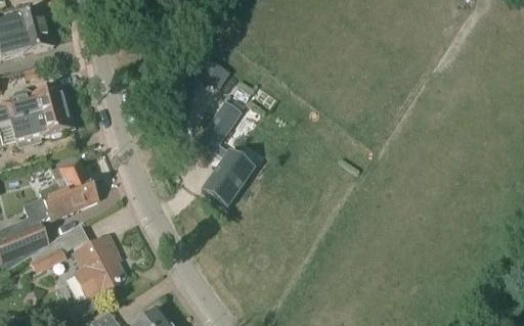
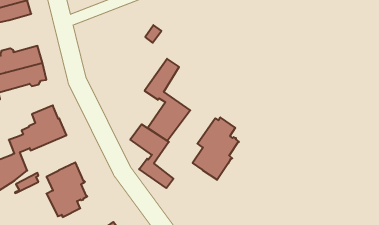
building: none -> [193,117,239,180]
building: none -> [130,124,173,188]
building: [32,219,88,259] -> none

